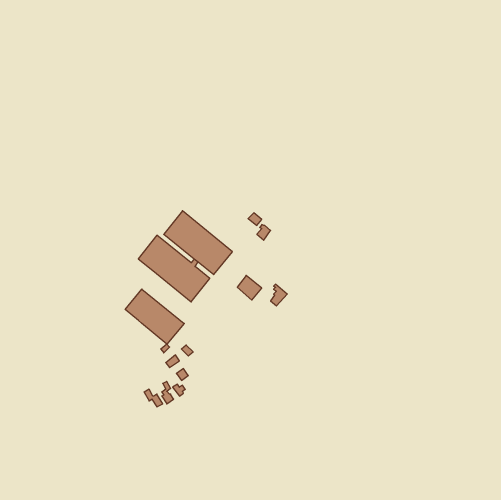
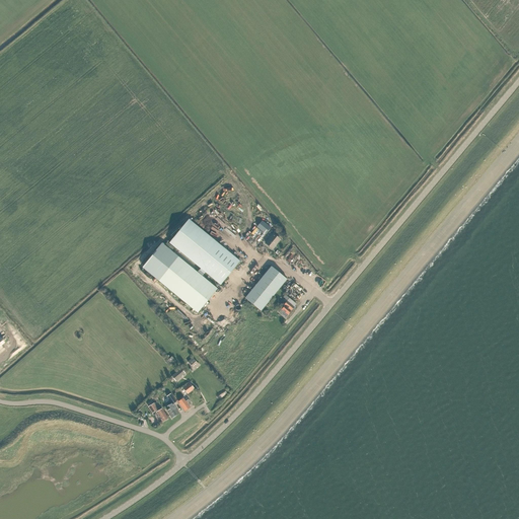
building: none -> [254,269,284,298]
building: [125,289,184,344] -> none

